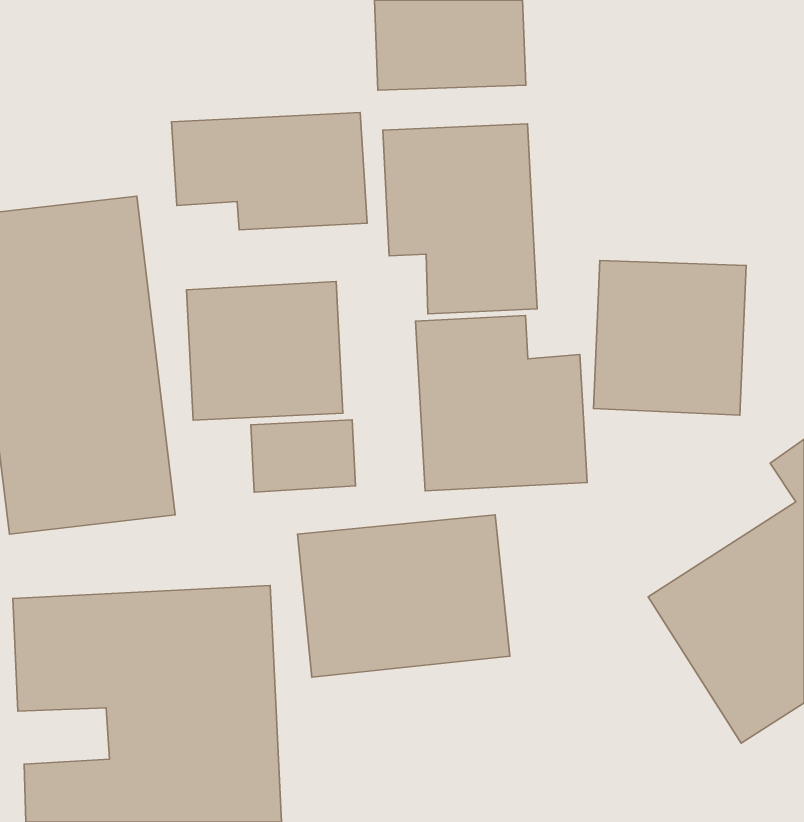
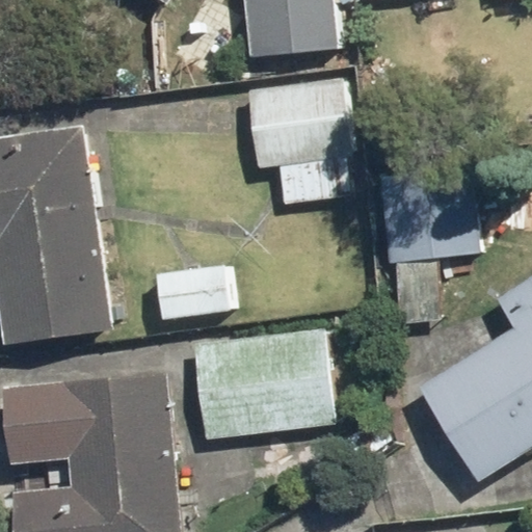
building: [172,112,367,230] -> none
building: [187,282,343,420] -> none
building: [416,316,587,491] -> none

